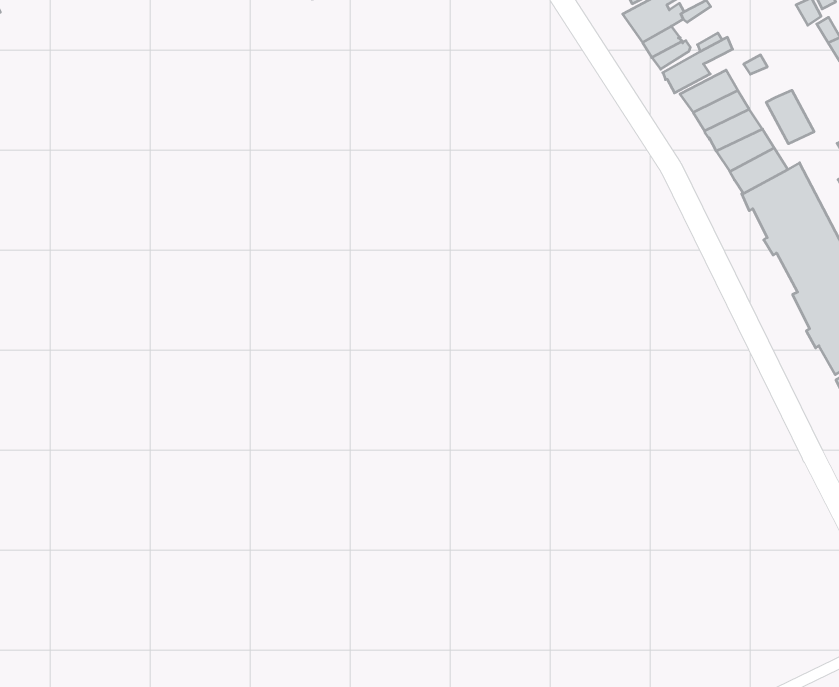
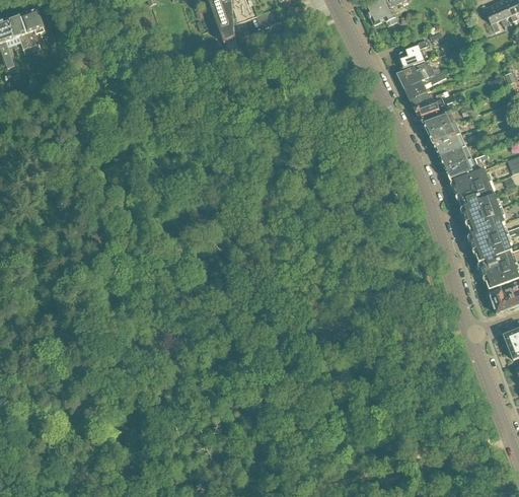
building: [766,90,814,144] -> none

